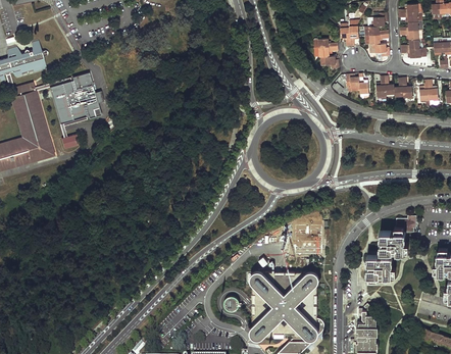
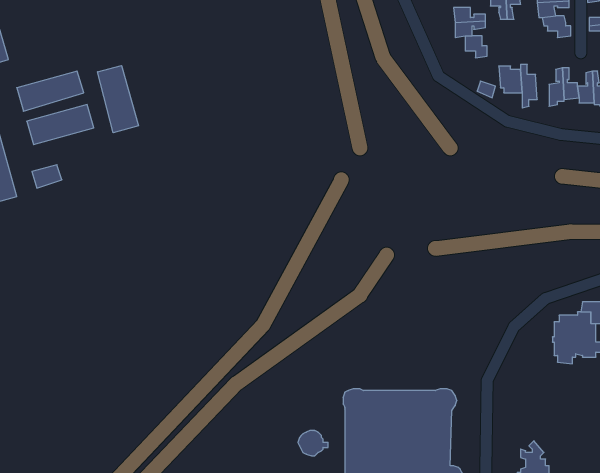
building: none -> [98,66,139,133]
building: [365,254,396,279] -> none

